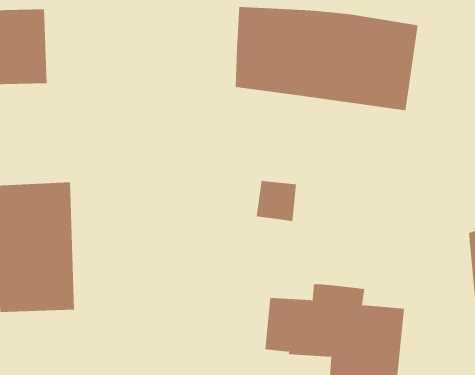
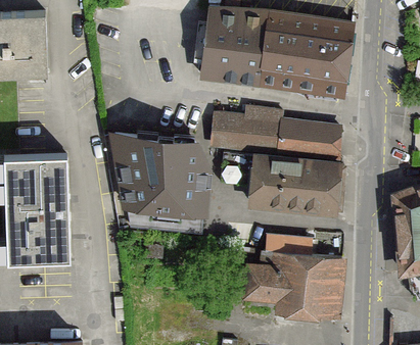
building: none -> [212,105,340,157]
building: none -> [113,133,206,232]
building: none -> [250,155,339,211]

